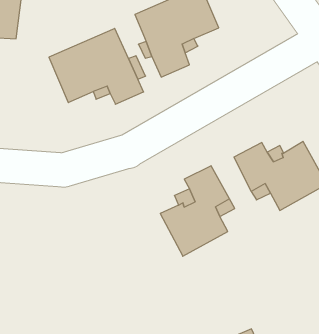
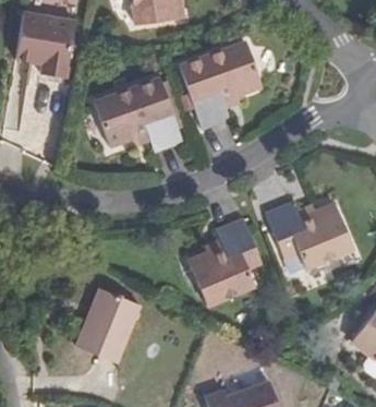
building: none -> [69,291,132,366]

